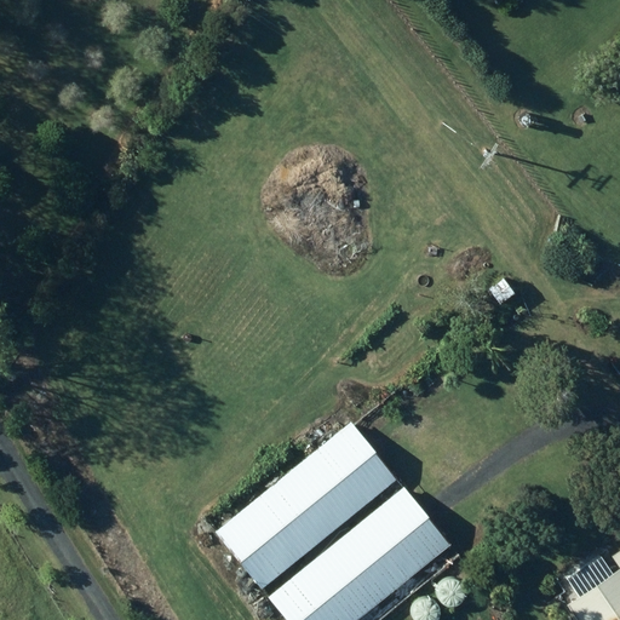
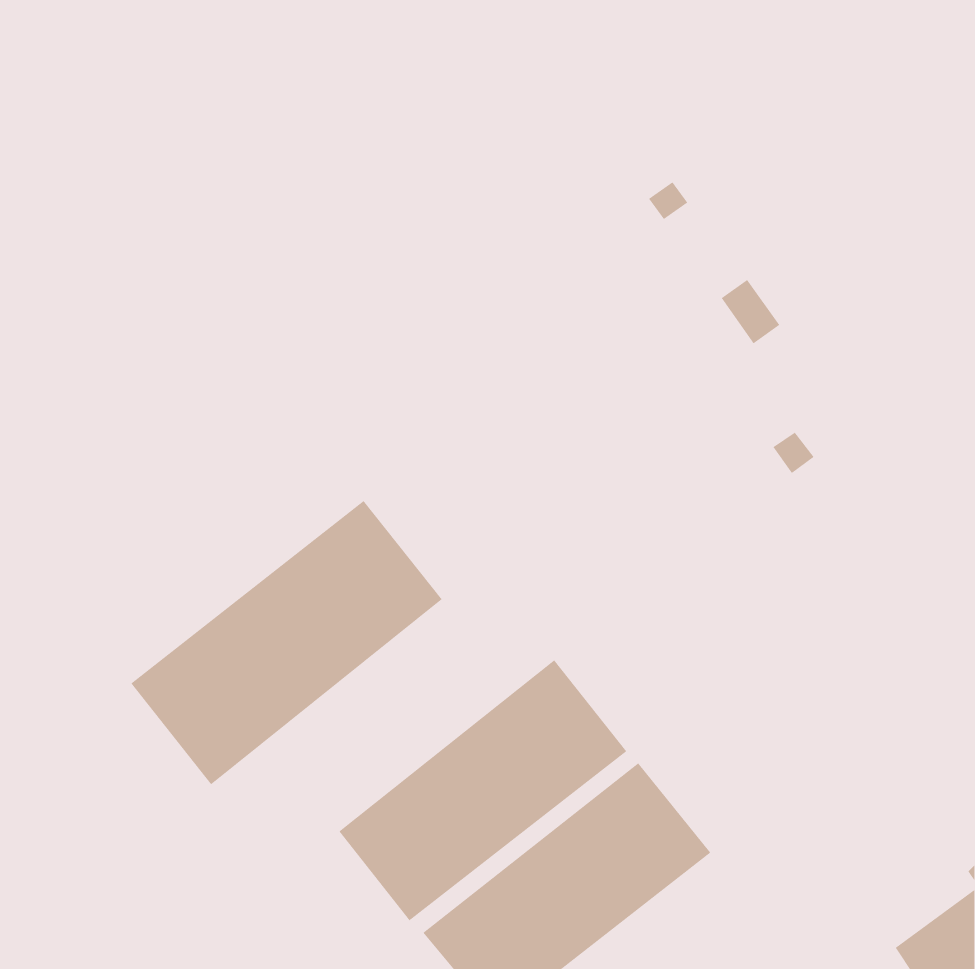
building: none -> [131,500,443,785]

